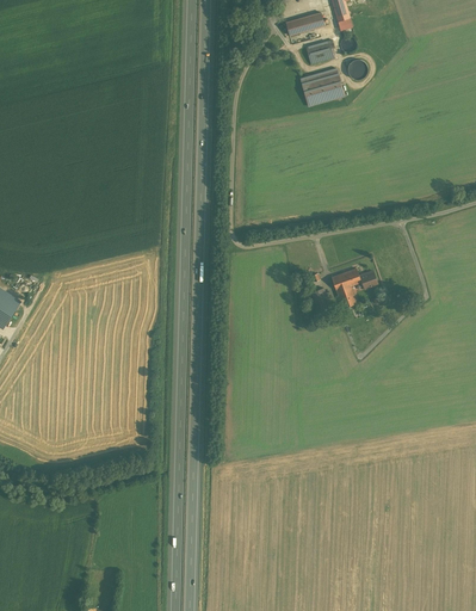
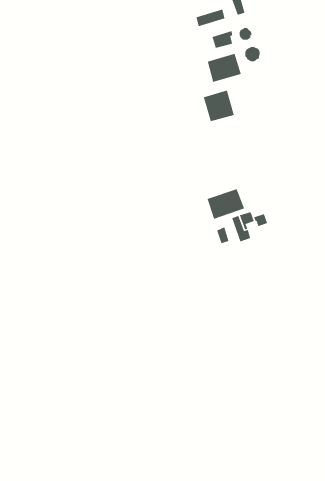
building: none -> [203,89,235,122]
building: none -> [206,188,245,220]

